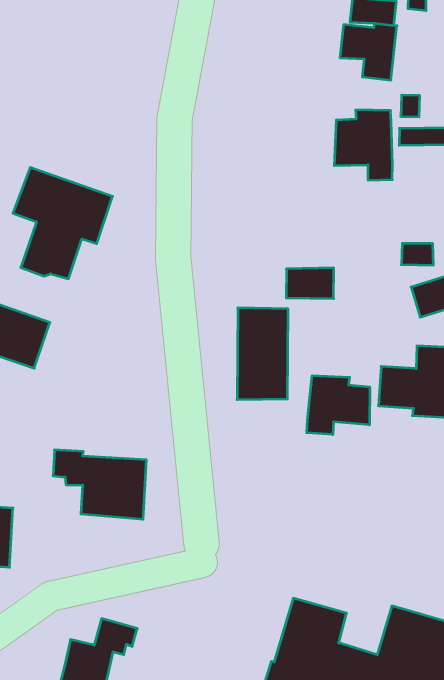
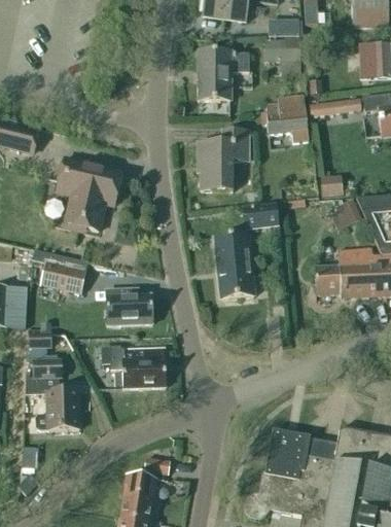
building: none -> [198,50,249,100]
building: none -> [198,130,248,190]
building: none -> [105,289,152,324]
building: [307,376,370,435] -> none

